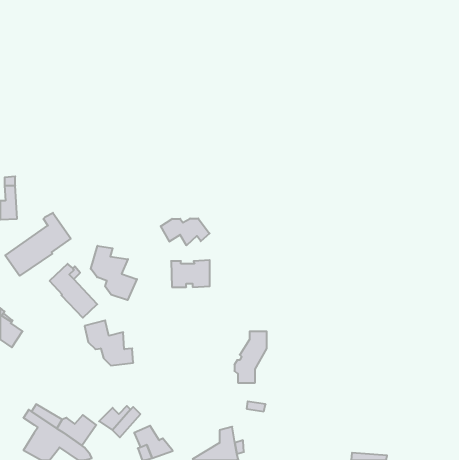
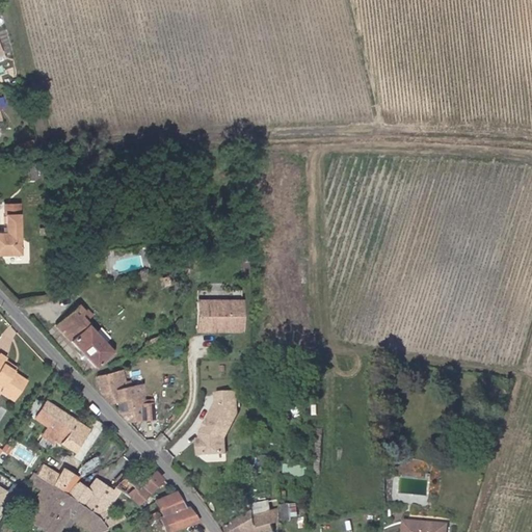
building: [5,213,71,276] -> none
building: [161,218,210,245] -> none
building: [91,246,137,300] -> none
building: [234,331,267,383] -> [202,395,239,454]
building: none -> [36,402,88,450]

